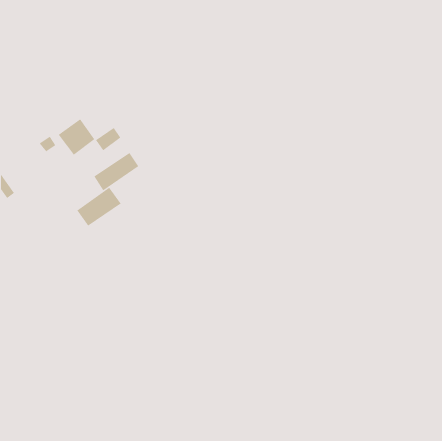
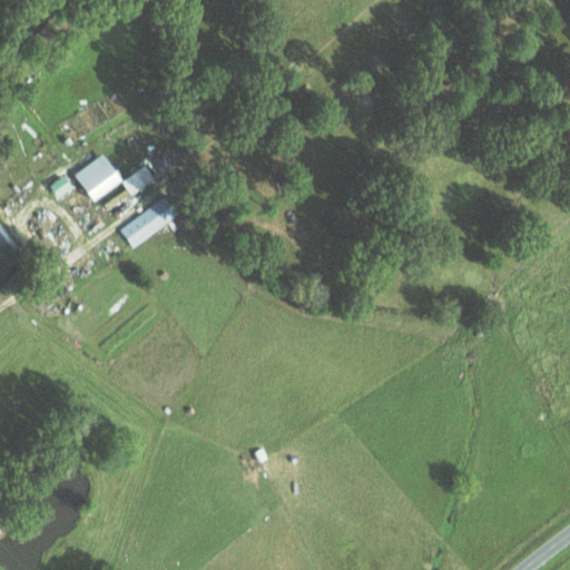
building: [77,187,121,227] -> none

